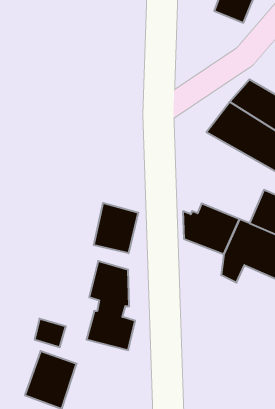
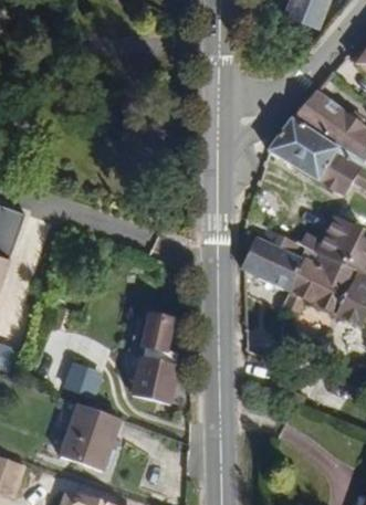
building: [94,203,138,253] -> none

